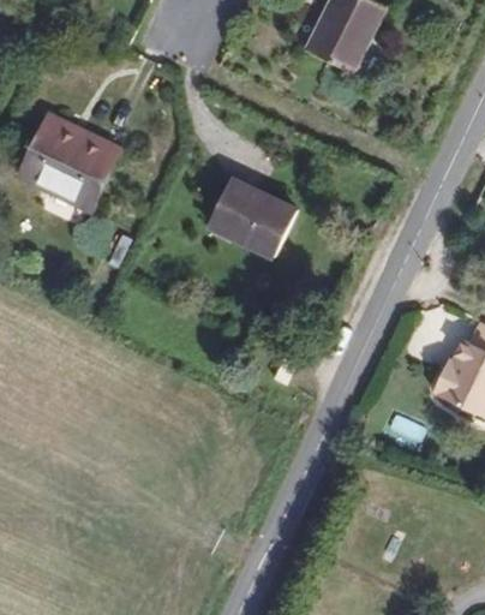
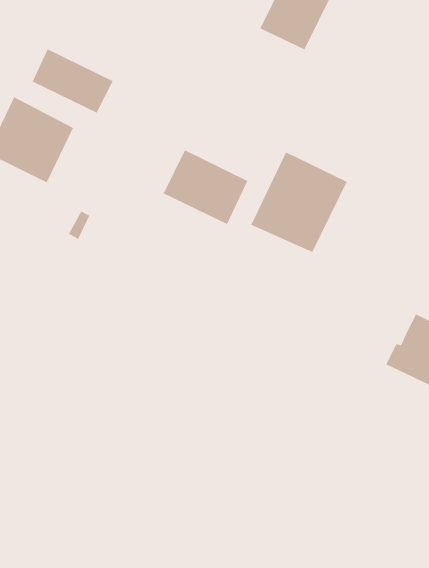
building: none -> [32,48,113,113]
building: none -> [250,152,348,253]

